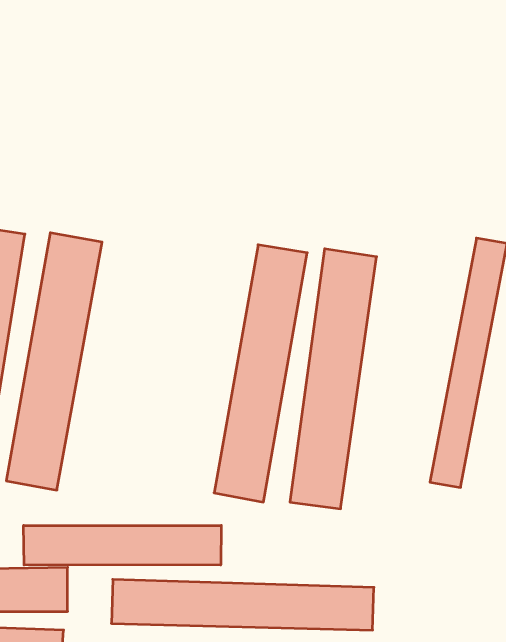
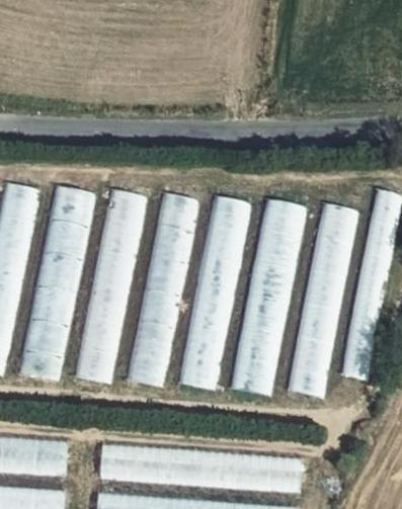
building: none -> [76,188,146,384]
building: none -> [127,190,199,389]
building: none -> [287,203,360,398]
building: [24,525,221,565] -> none

